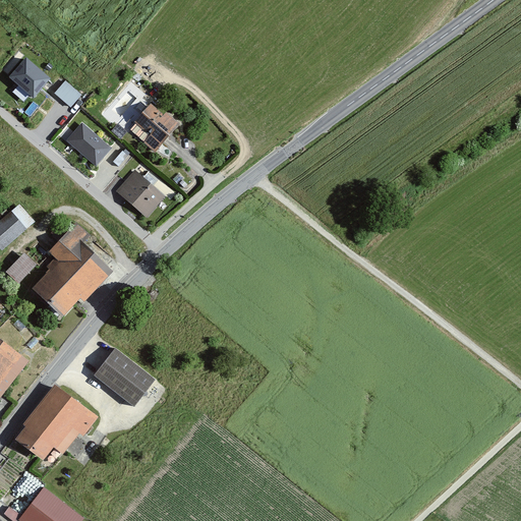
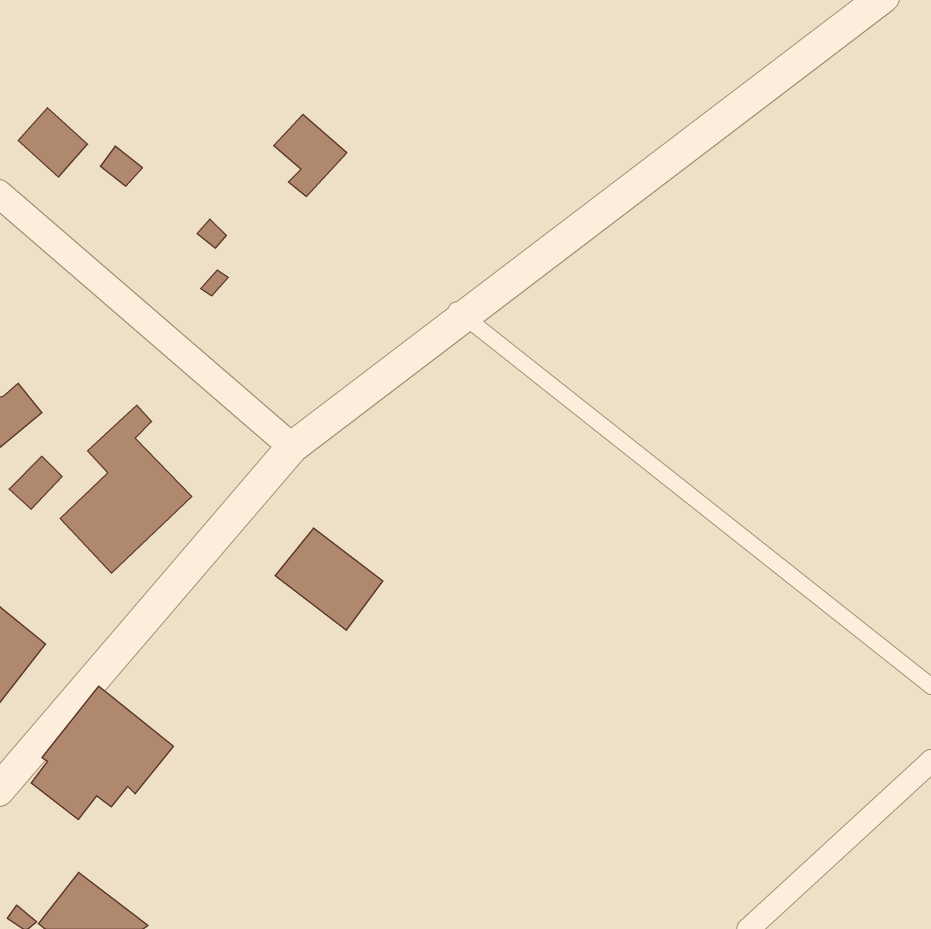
building: [135,104,176,150] -> [274,114,347,196]
building: [66,123,110,165] -> none
building: [116,171,164,217] -> none
building: [94,346,154,403] -> [275,528,383,630]

